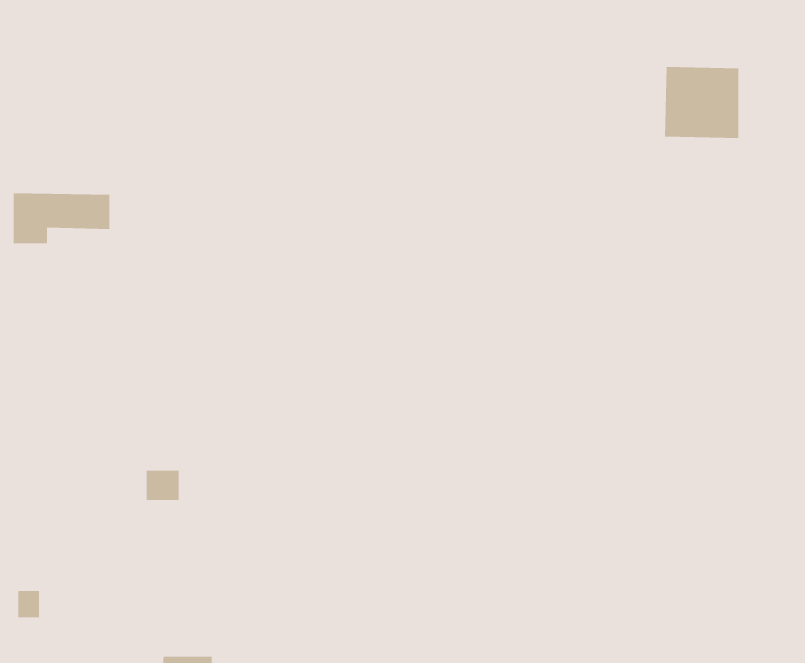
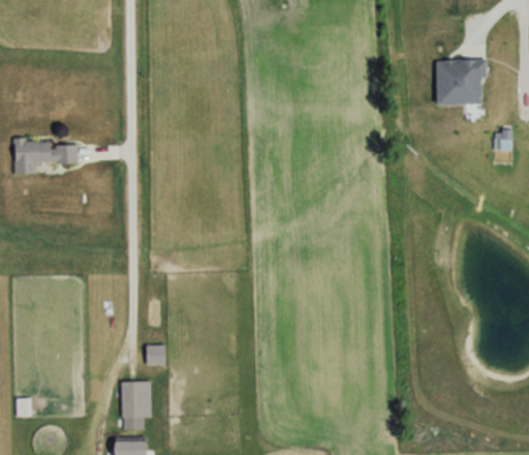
building: [146,470,179,501] -> [145,345,166,365]
building: none -> [121,382,152,418]

